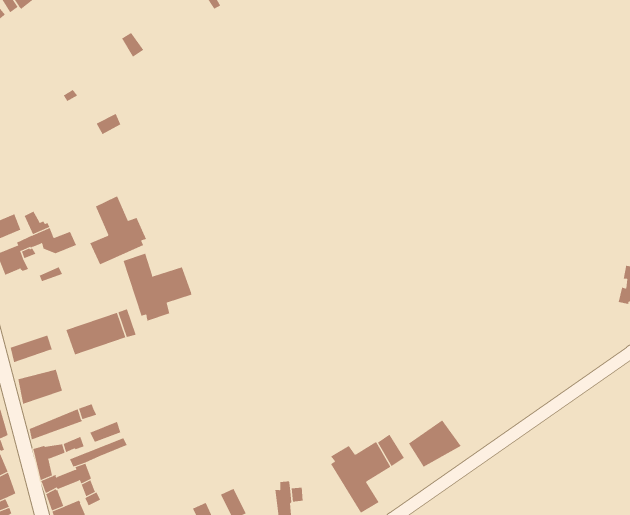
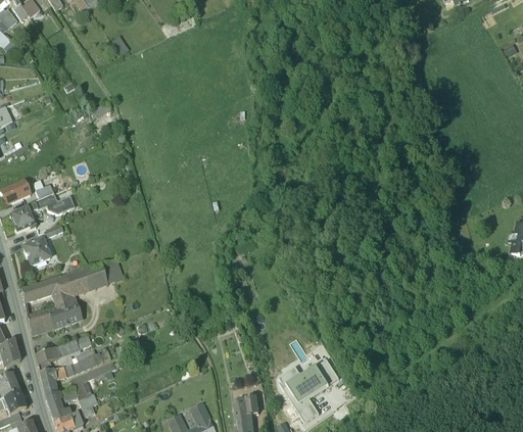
building: [90,196,147,265] -> none
building: [123,253,192,322] -> none
building: none -> [20,236,52,267]
building: none -> [51,275,80,324]
building: [408,420,462,467] -> none

